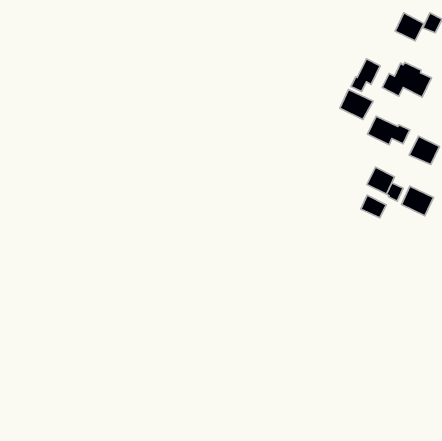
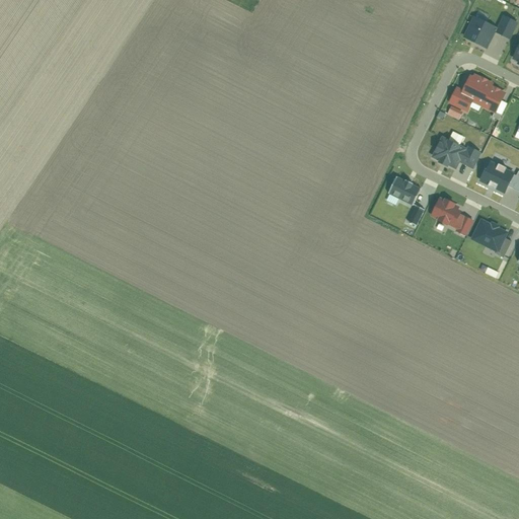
building: [351,59,380,92] -> none
building: [340,90,373,119] -> none
building: [361,195,386,218] -> [392,176,422,203]

